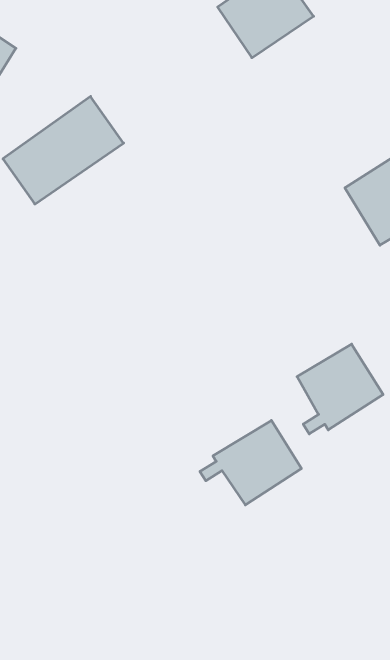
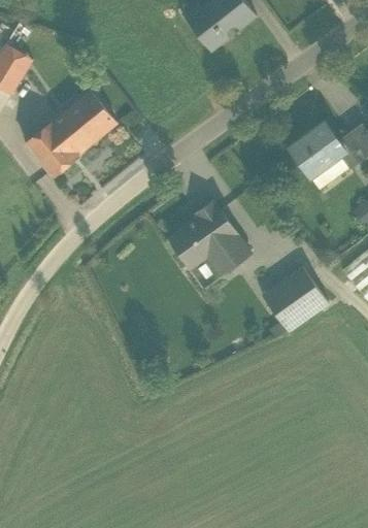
building: none -> [169,200,252,276]
building: [200,420,301,505] -> none

